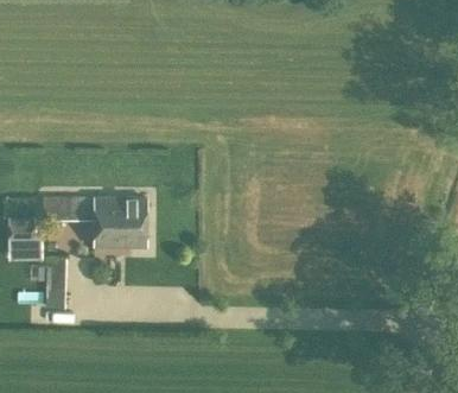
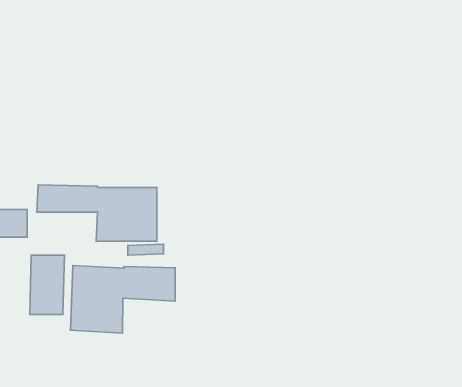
building: none -> [70,265,175,333]

